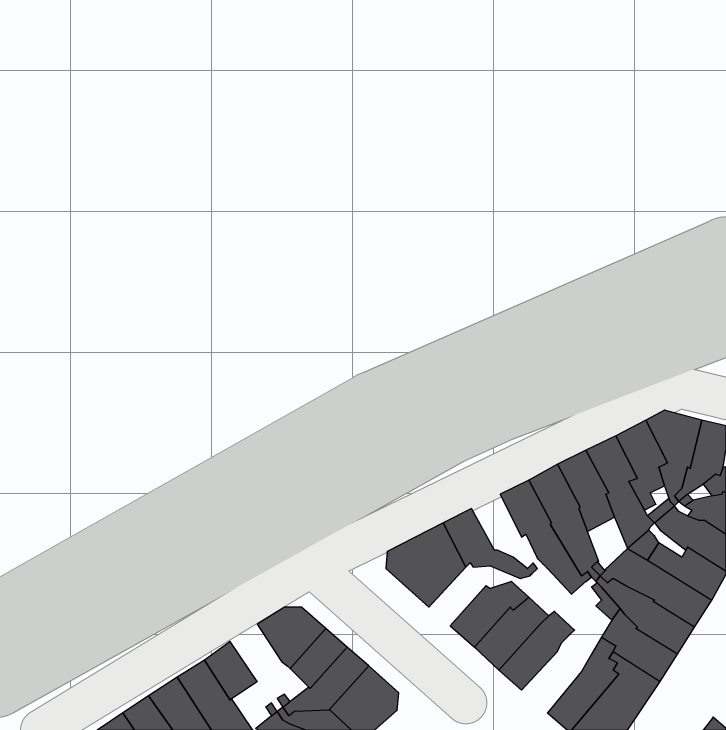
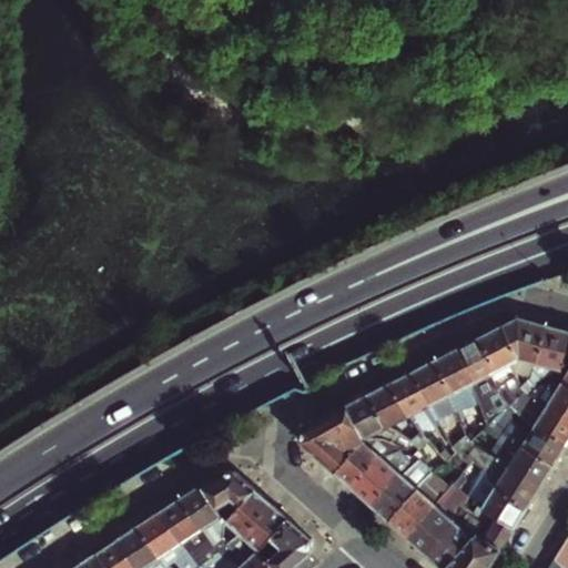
building: none -> [366,384,422,442]
building: none -> [333,437,404,486]
building: none -> [179,485,223,539]
building: none -> [405,493,459,554]

